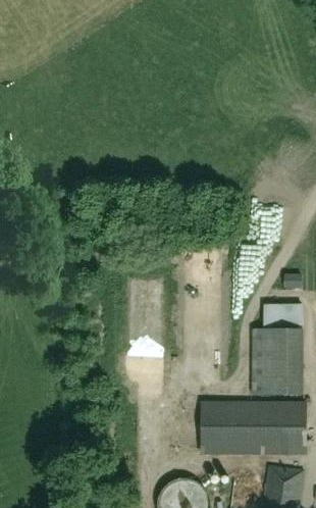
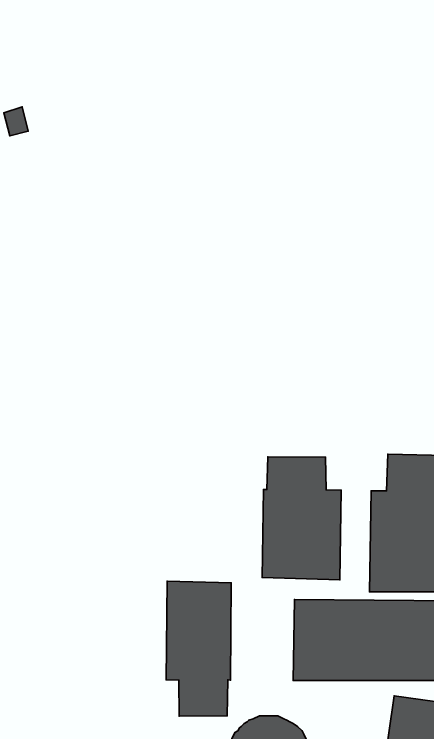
building: none -> [262,457,341,580]
building: none -> [166,581,231,716]

